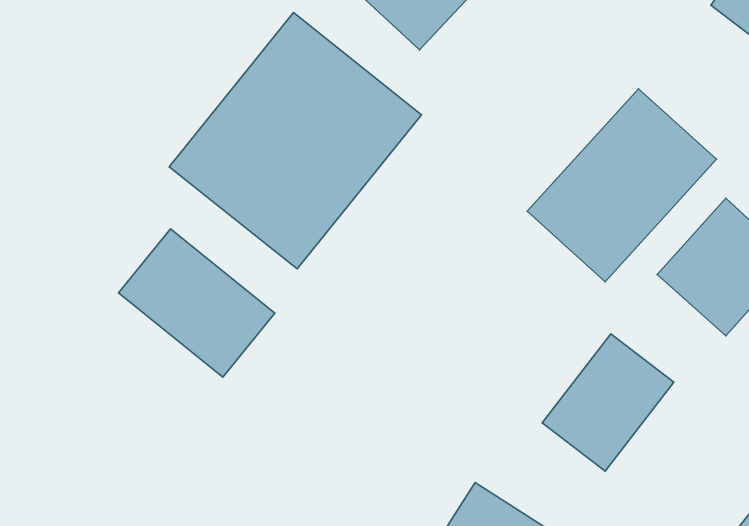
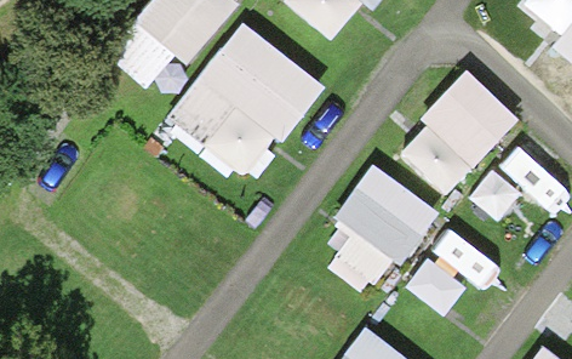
building: none -> [334,161,439,262]
building: [119,229,275,377] -> none

